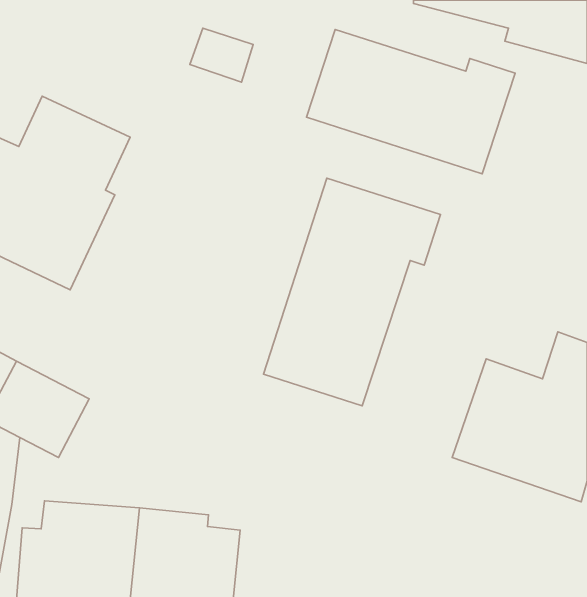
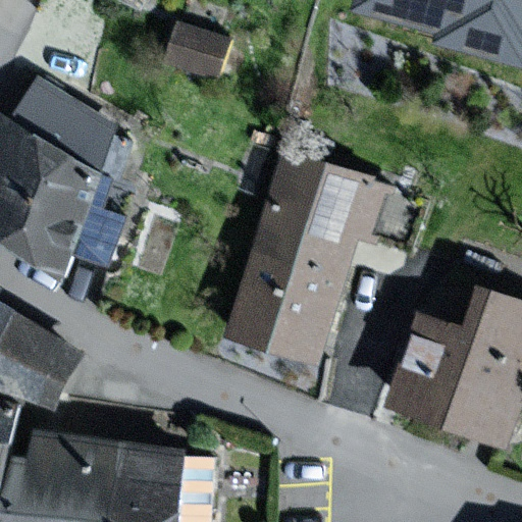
building: [307,30,515,174] -> none

